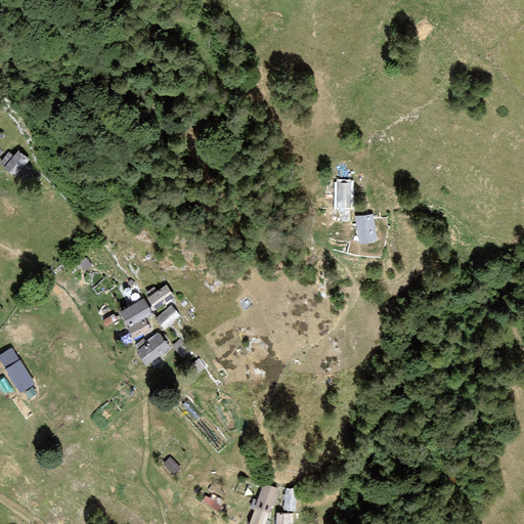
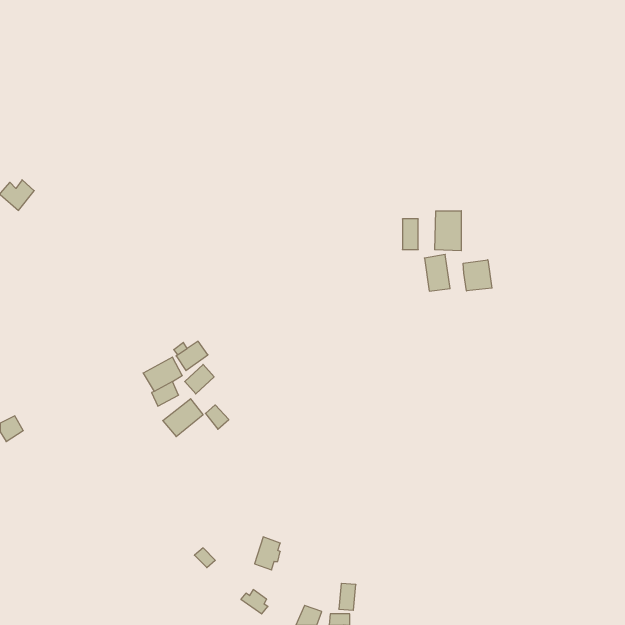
building: none -> [435,211,461,251]
building: none -> [463,260,492,291]
building: [5,360,35,393] -> none
building: [255,484,276,512] -> [255,537,280,570]

